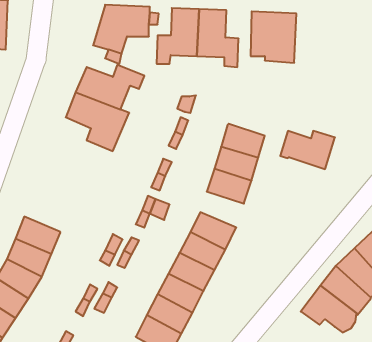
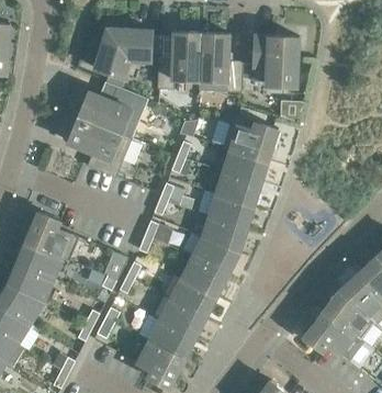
building: [280,131,335,169] -> [222,122,277,160]
building: none -> [25,212,78,260]
building: none -> [202,216,246,252]

